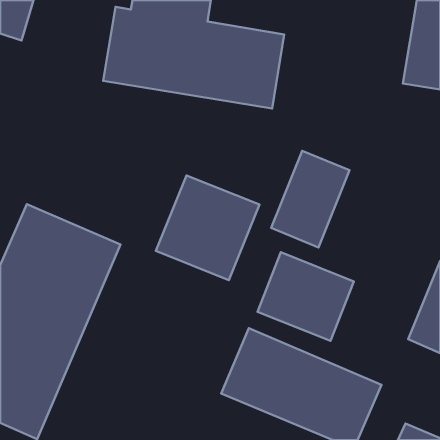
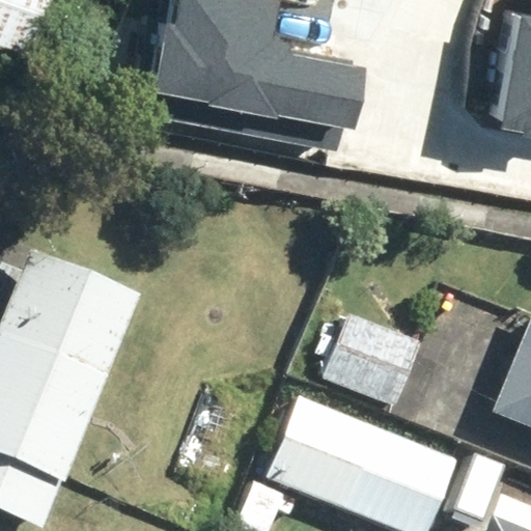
building: [271,151,349,247] -> none
building: [156,175,259,280] -> none

